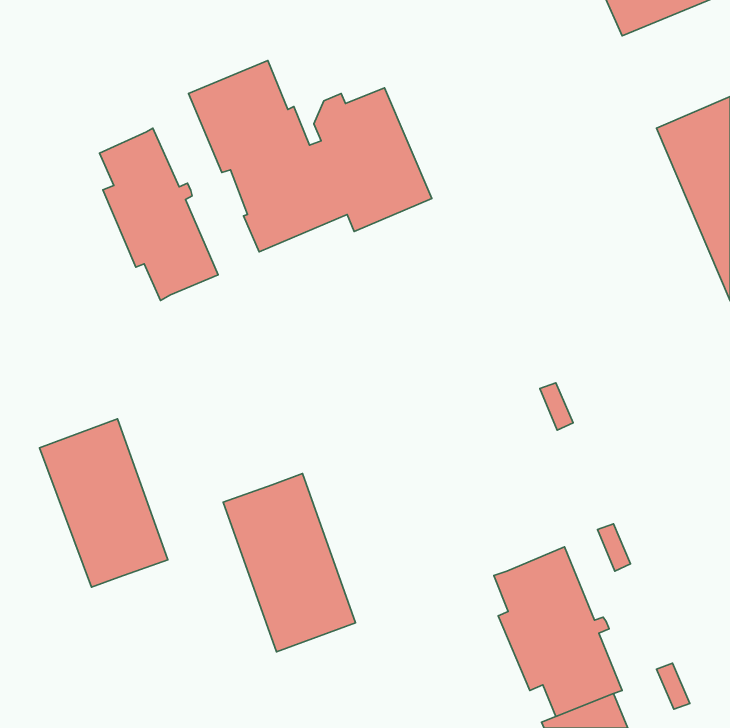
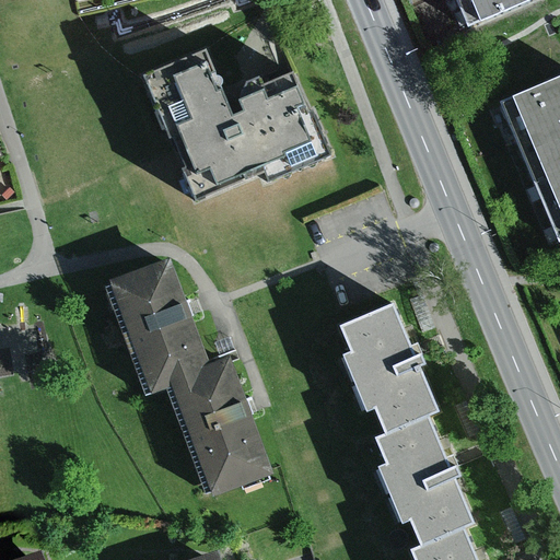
building: [100,128,218,300] -> none
building: none -> [341,306,438,434]
building: [40,419,168,587] -> [109,261,207,389]

